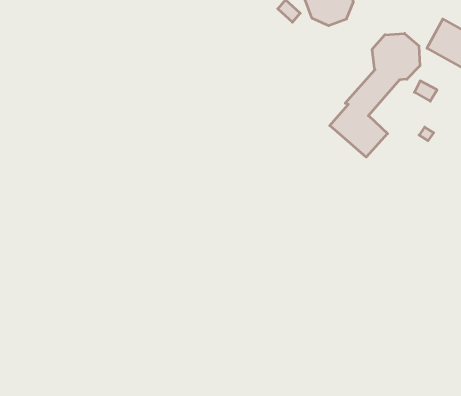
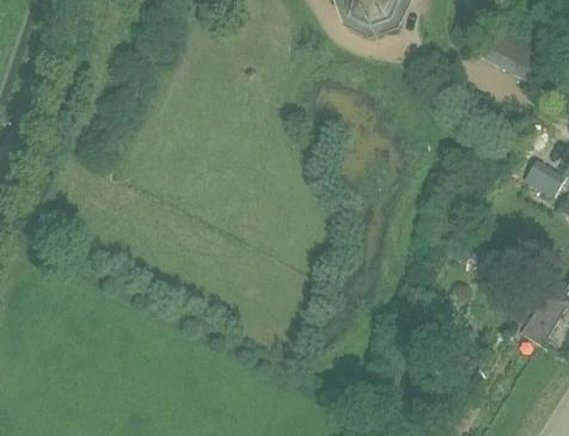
building: [330,33,420,157] -> none

